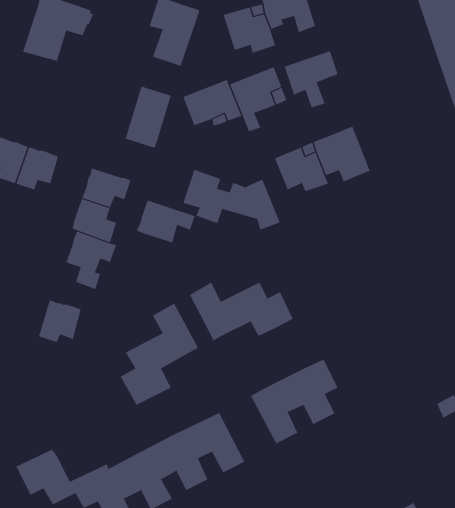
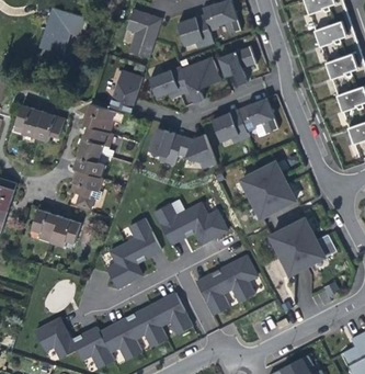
building: [136,200,195,243] -> [82,103,123,133]
building: none -> [240,159,296,217]
building: none -> [32,209,58,241]
building: none -> [271,217,322,274]

